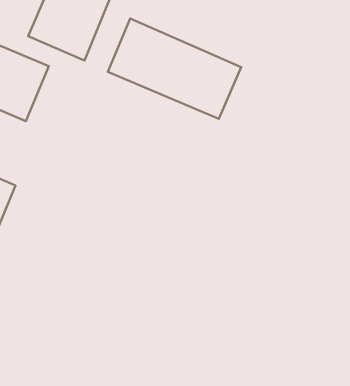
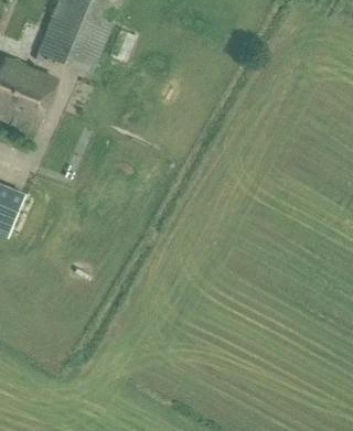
building: [108,18,241,119] -> none

